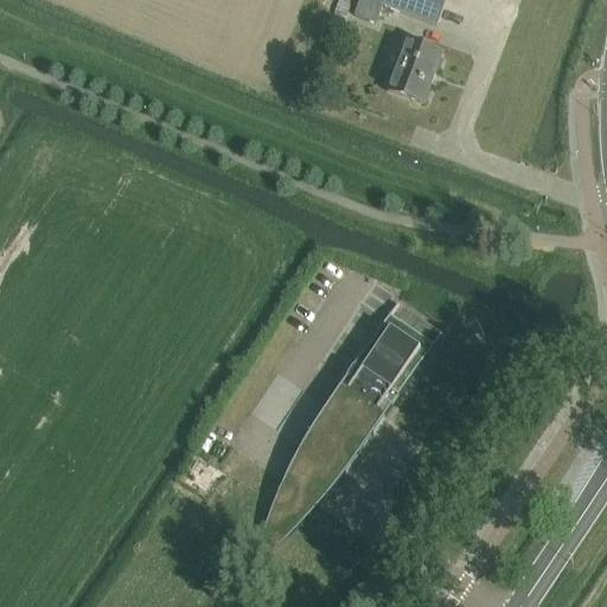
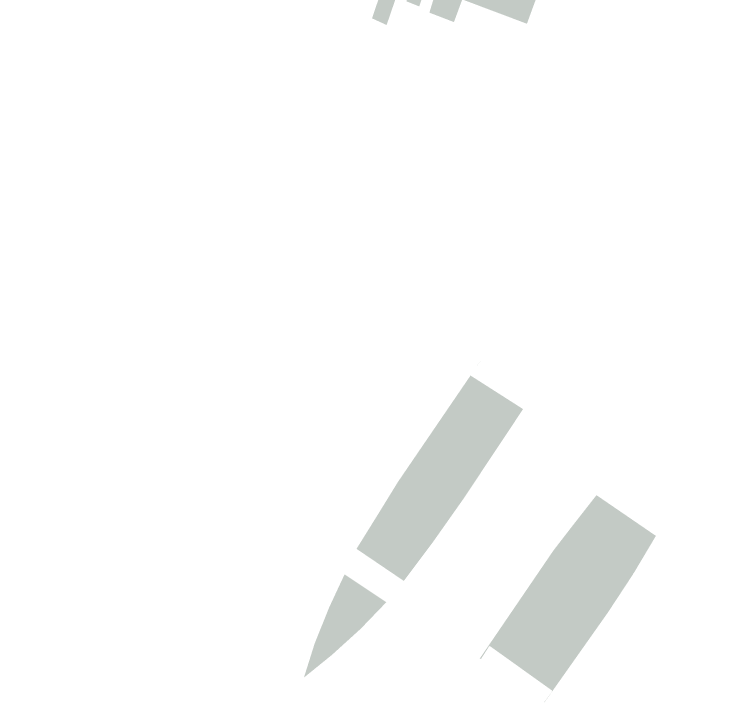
building: [386,34,441,98] -> none
building: none -> [479,494,657,704]

